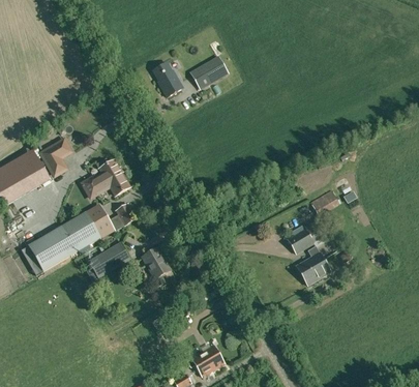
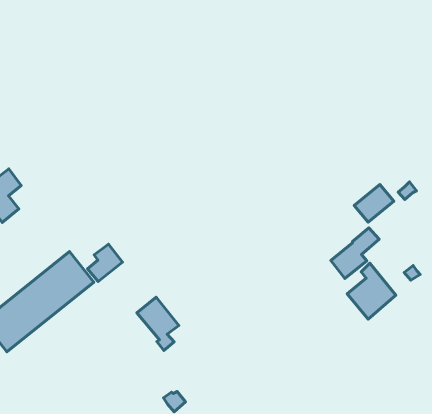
building: [189,56,228,89] -> none
building: [152,62,182,97] -> none
building: [85,158,129,197] -> none
building: [88,242,130,277] -> none

